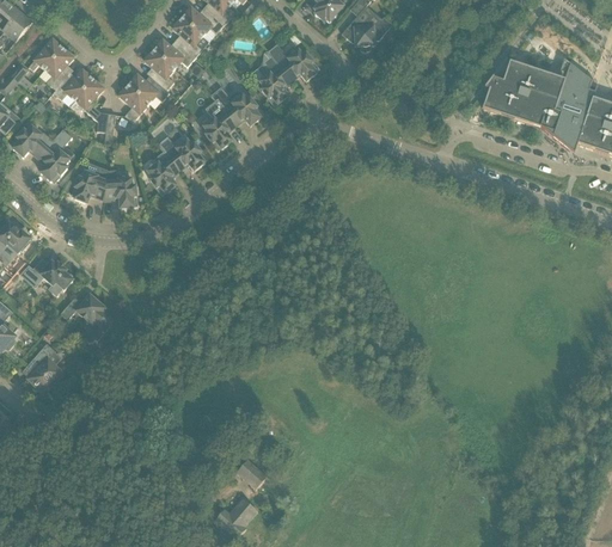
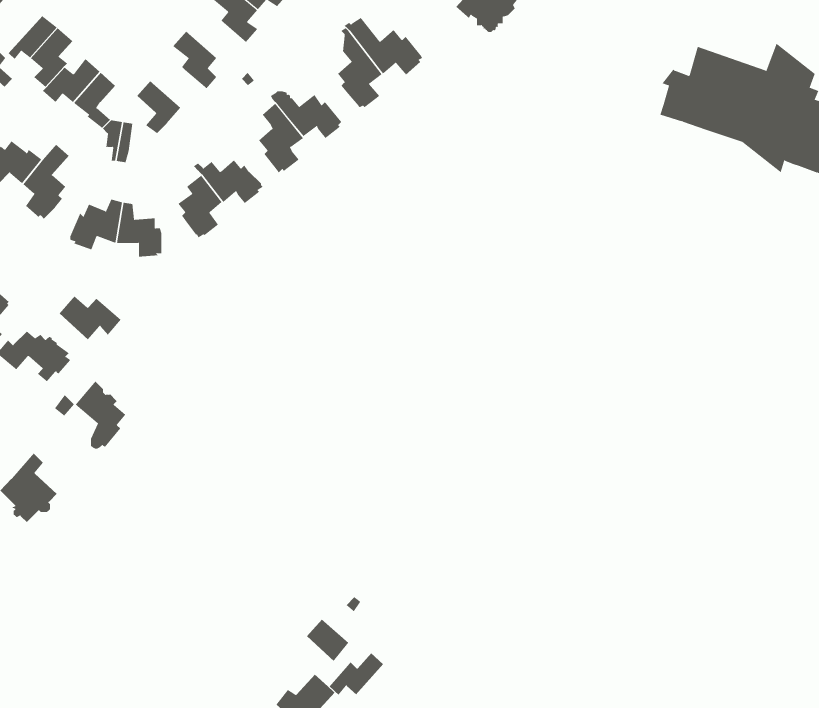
building: [153,38,195,68] -> none
building: [128,73,170,103] -> none
building: none -> [59,295,122,340]
building: none -> [329,653,384,696]

